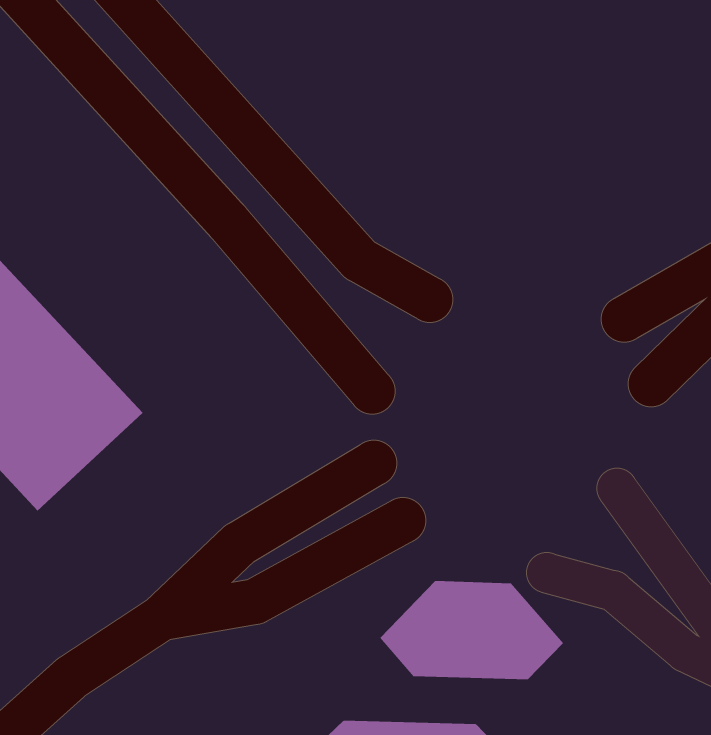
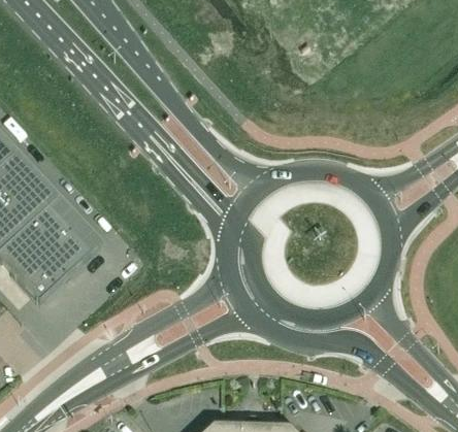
building: [379,580,564,680] -> none

